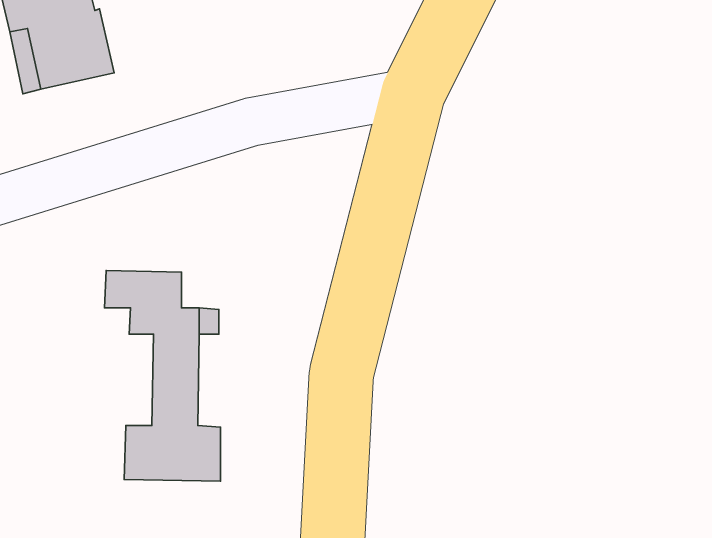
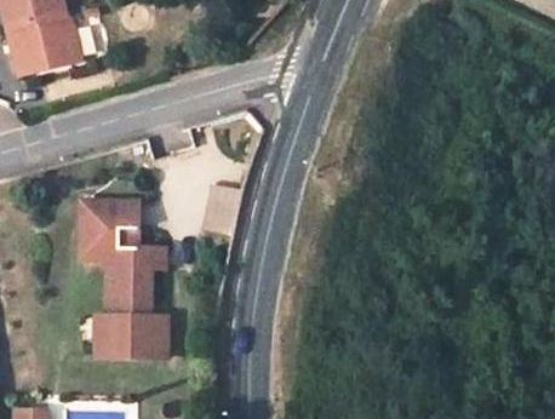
building: none -> [79,233,115,320]

